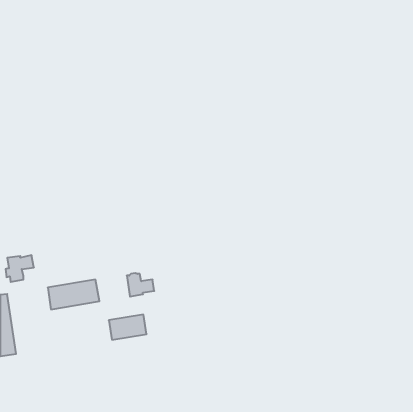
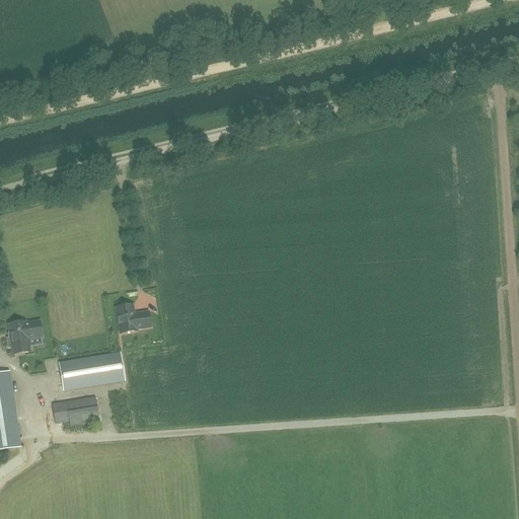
building: [127,273,154,297] -> [116,302,150,331]
building: [109,315,147,340] -> [52,394,99,426]

